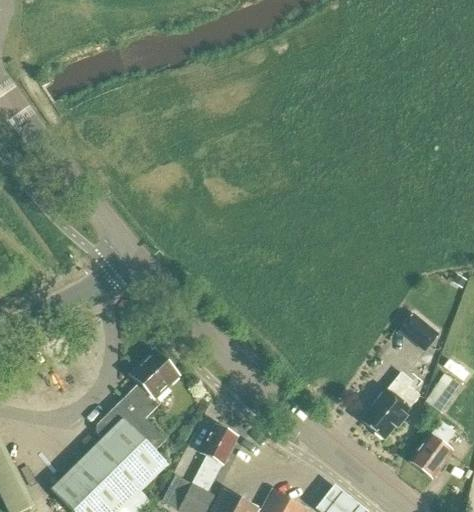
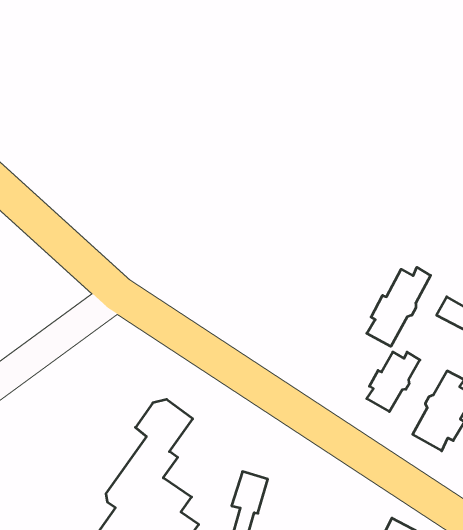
building: none -> [367,267,431,346]
building: none -> [367,352,420,412]

